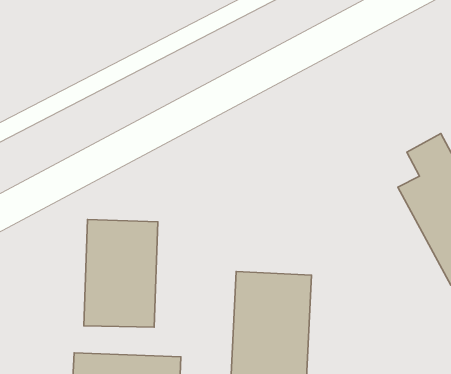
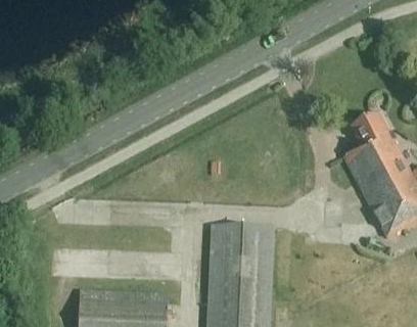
building: [84,219,158,327] -> none

